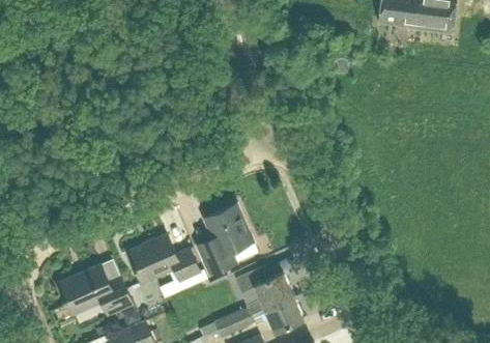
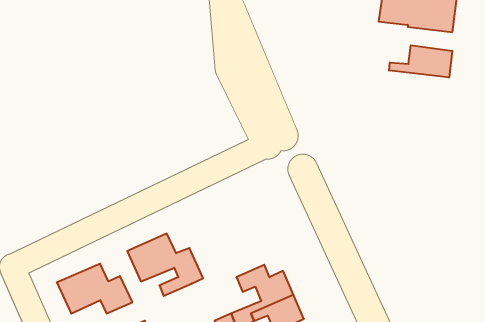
building: none -> [389,45,452,78]
building: [197,204,253,276] -> none

